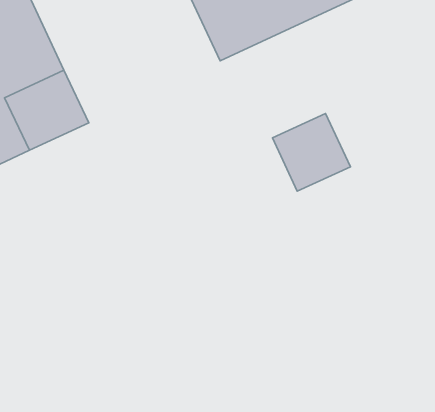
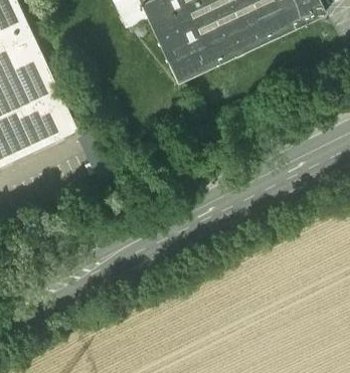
building: [272,113,350,191] -> none

